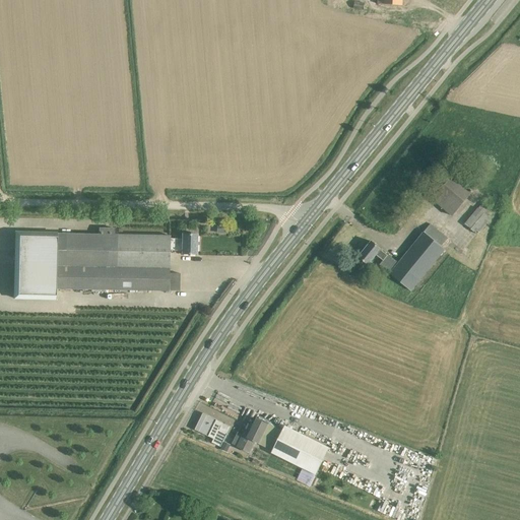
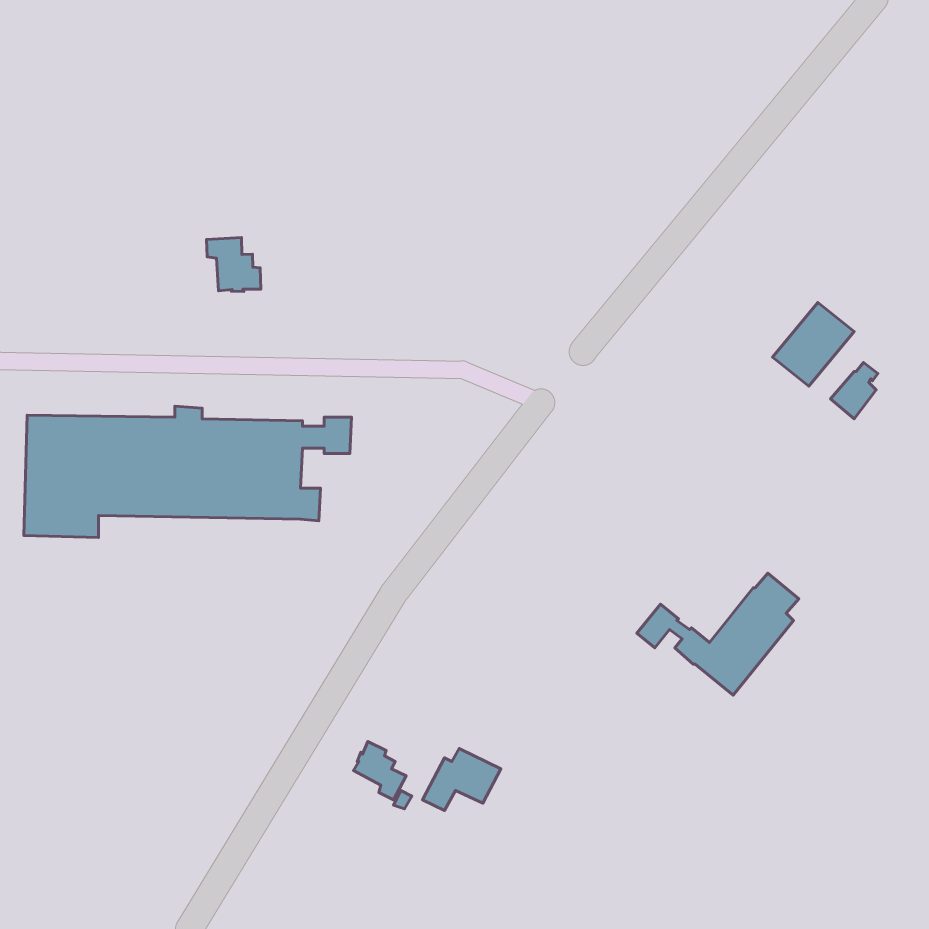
building: none -> [207,237,261,292]
building: [356,222,447,290] -> [637,573,799,695]
building: [270,425,328,486] -> none

